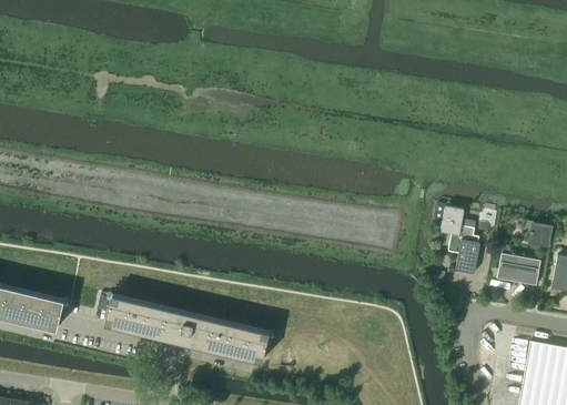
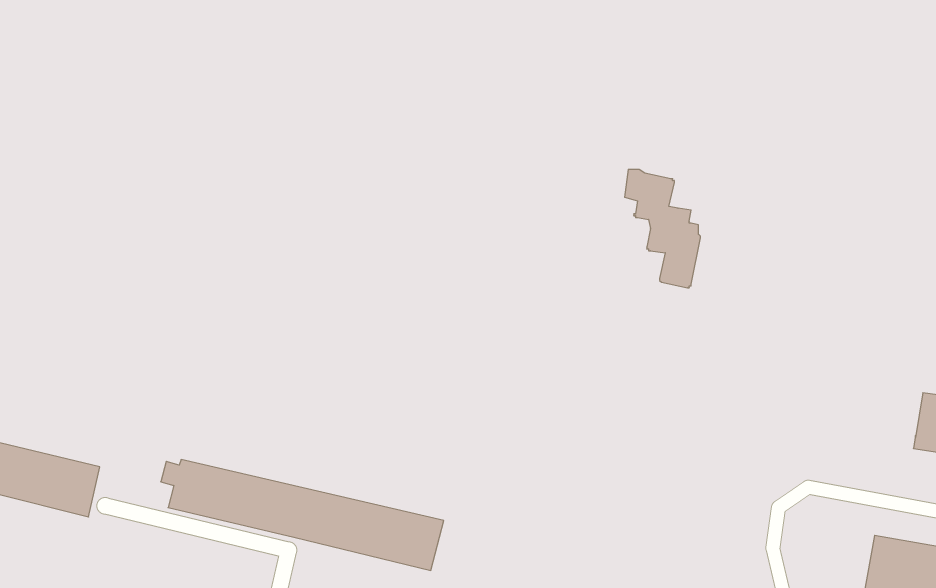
building: [434,203,479,274] -> [625,169,700,288]
building: [522,220,551,245] -> none
building: [496,244,540,285] -> none

